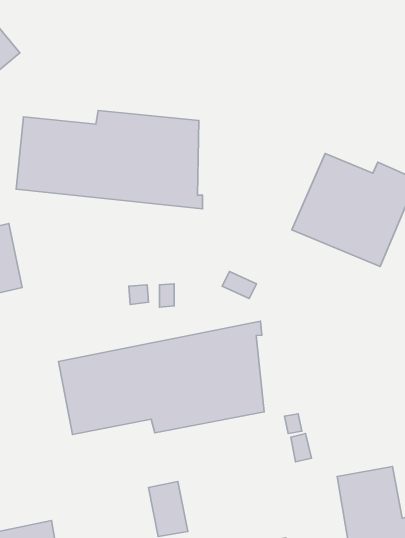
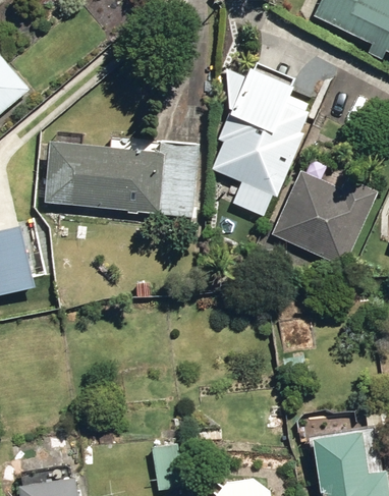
building: none -> [211,69,304,197]
building: [58,321,264,435] -> none

